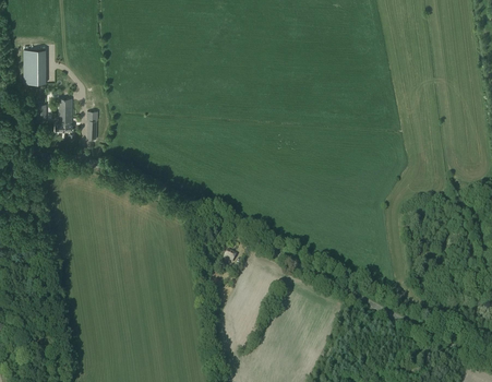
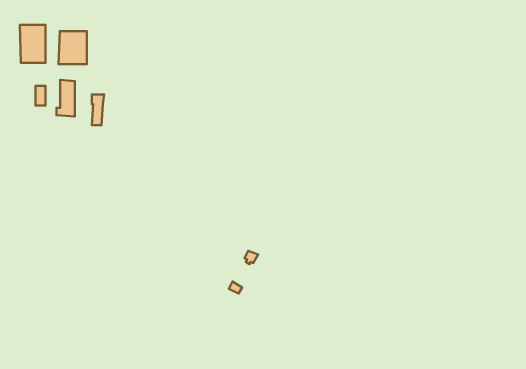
building: none -> [59,31,87,64]

